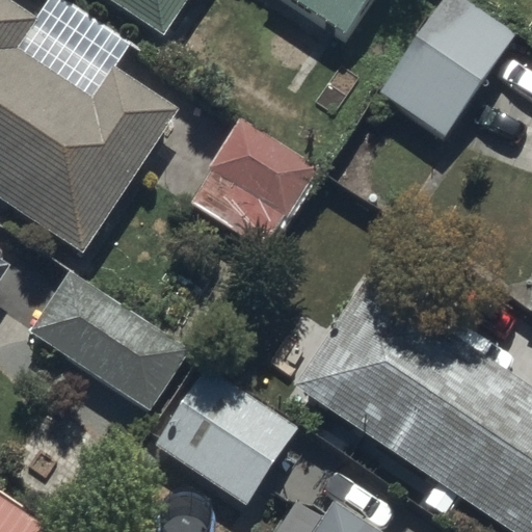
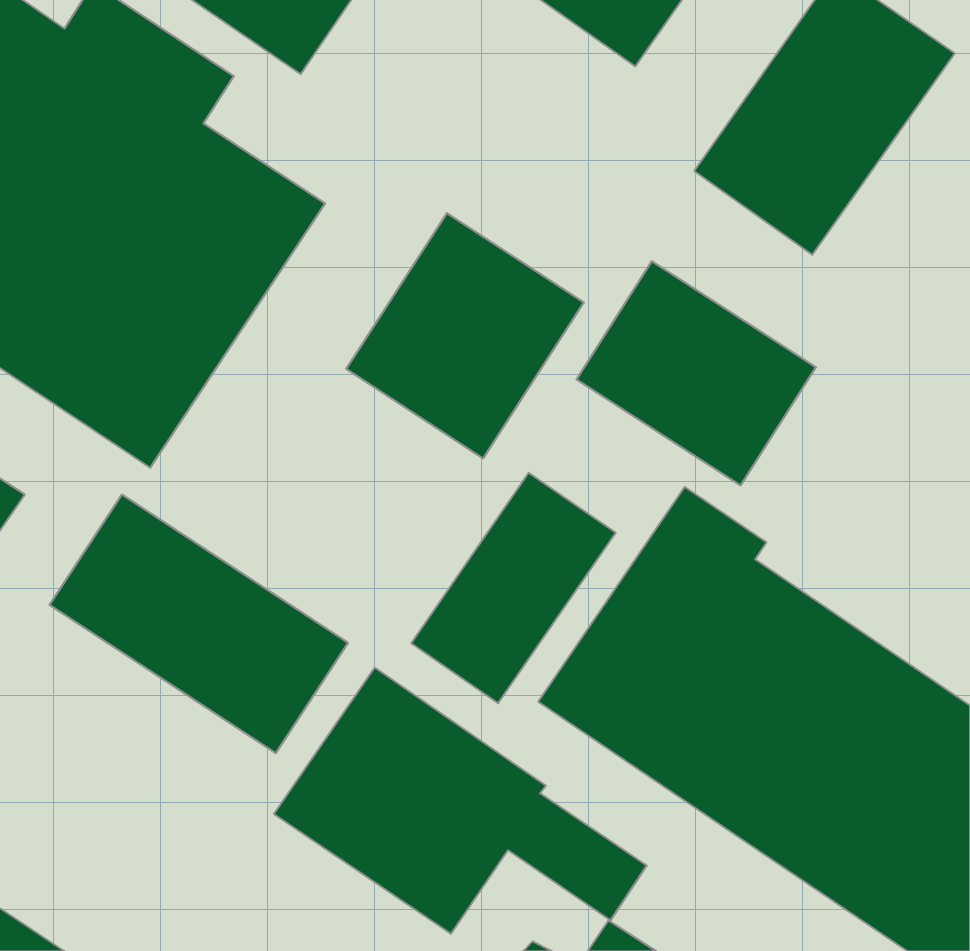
building: none -> [576,261,816,485]
building: none -> [411,473,616,703]

